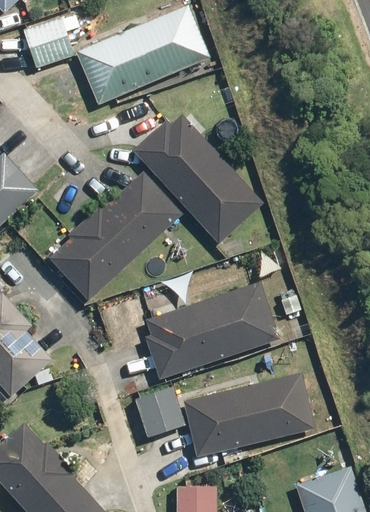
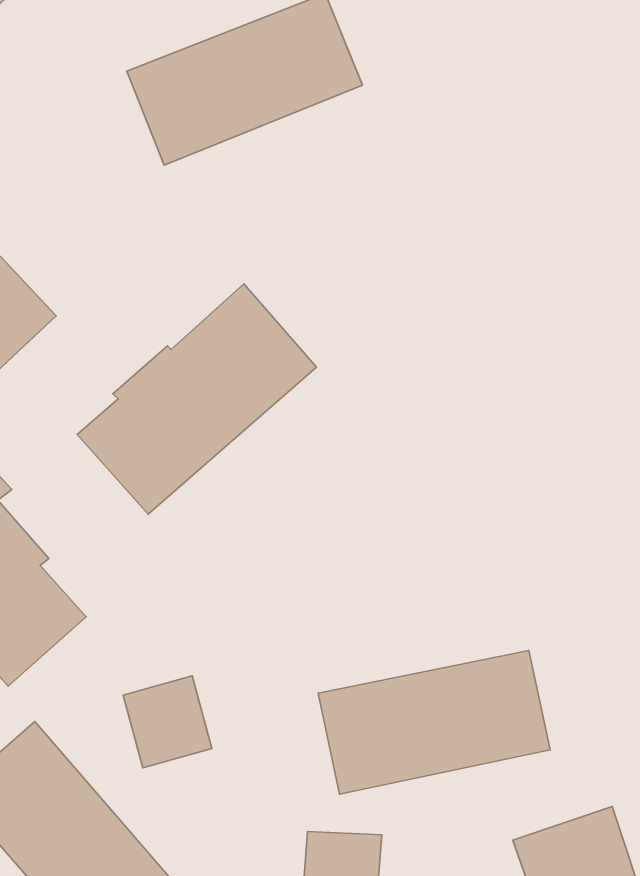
building: [24,17,73,68] -> none
building: [132,107,263,244] -> none
building: [129,274,276,378] -> none
building: [135,388,185,440] -> [123,676,212,768]

